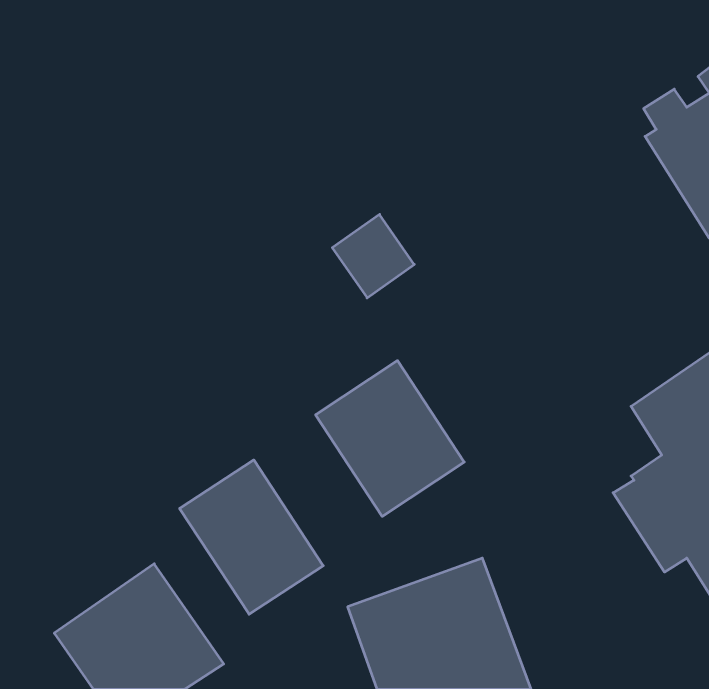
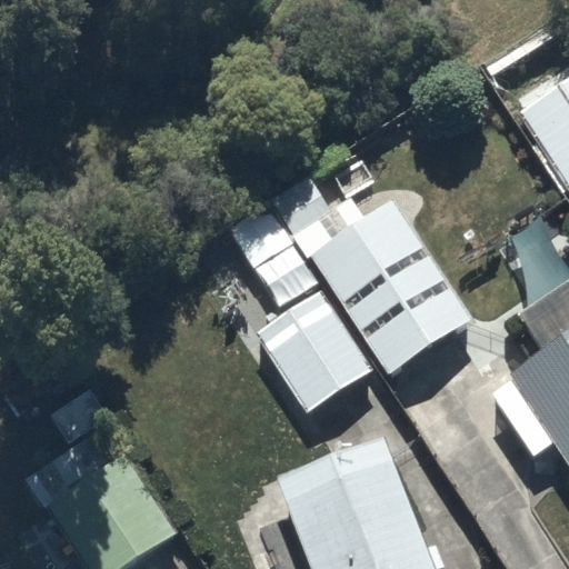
building: none -> [312,203,471,376]
building: [180,460,323,614] -> none

